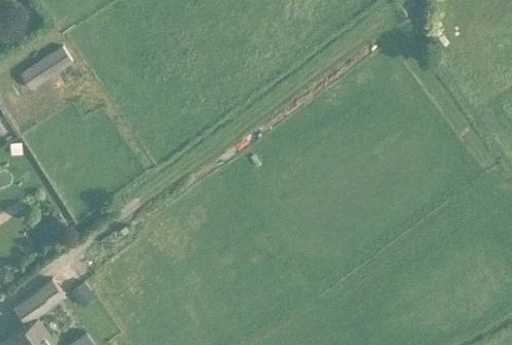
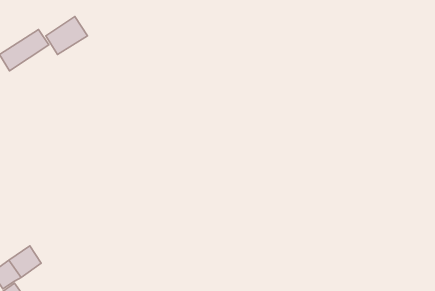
building: none -> [46,16,87,55]

